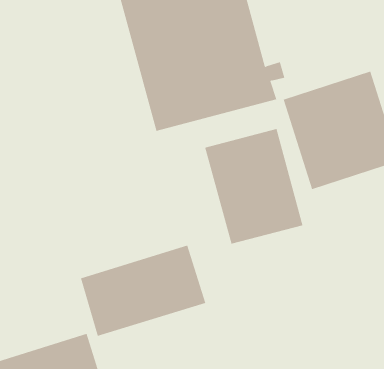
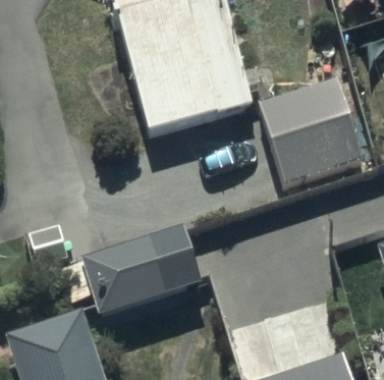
building: [205,128,303,245] -> none

